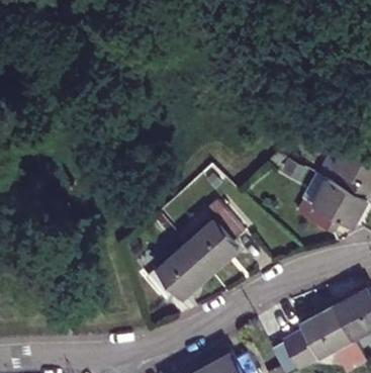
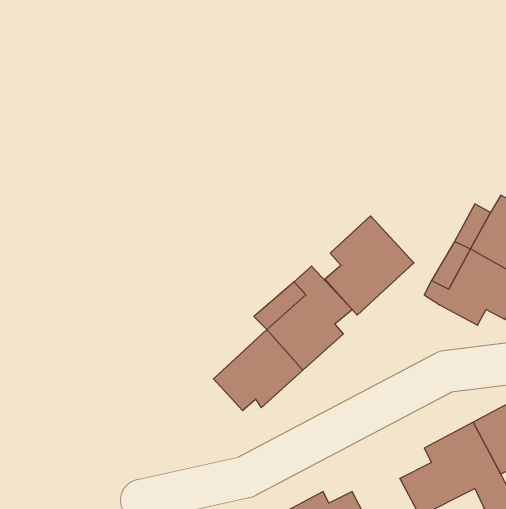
building: none -> [325,216,414,315]

